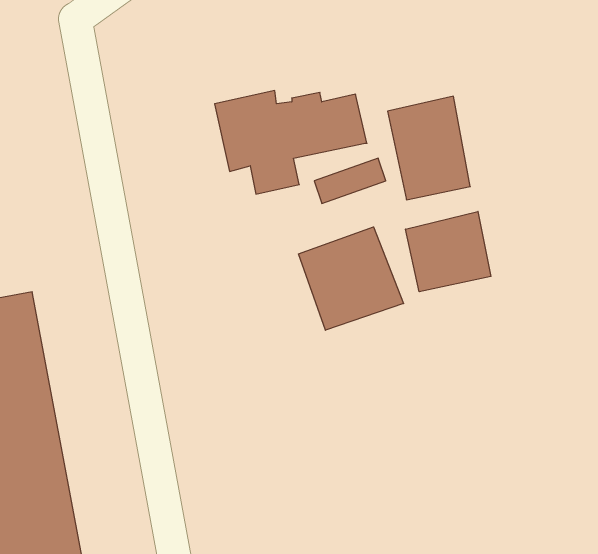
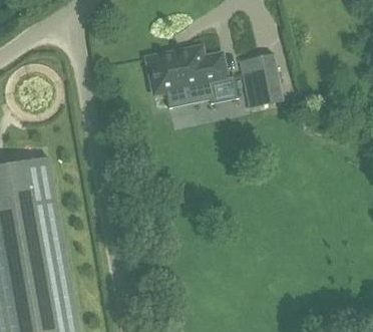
building: [406,211,491,292] -> none
building: [298,227,404,330] -> none

